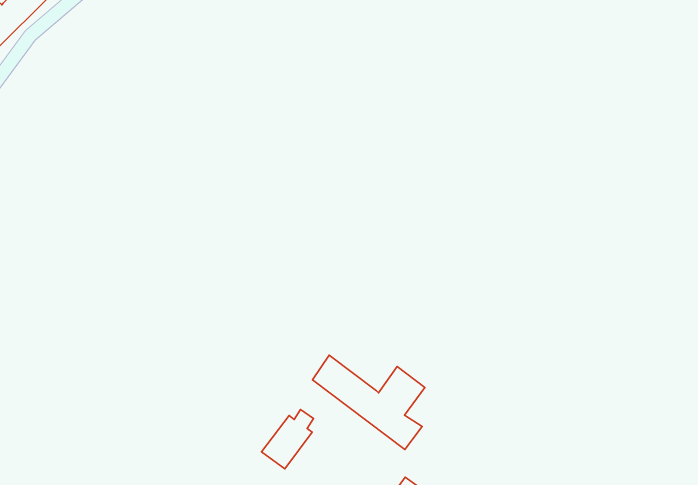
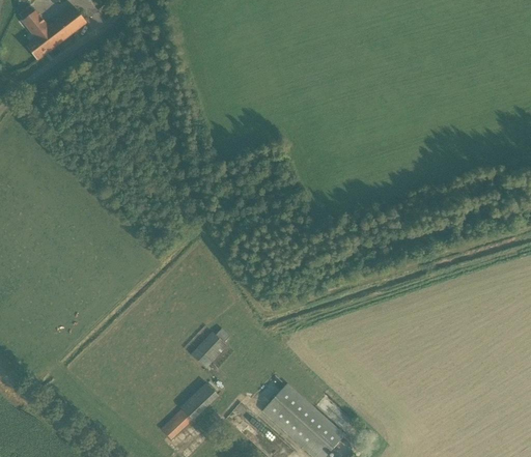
building: [312,355,425,449] -> none

